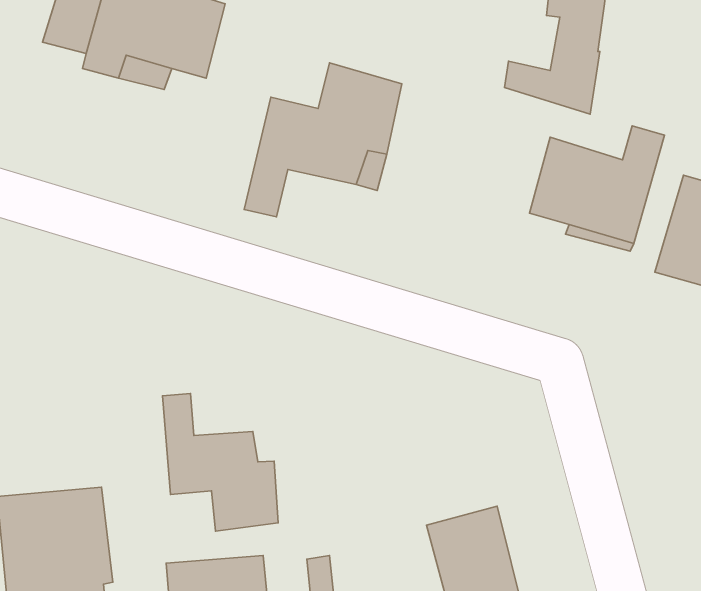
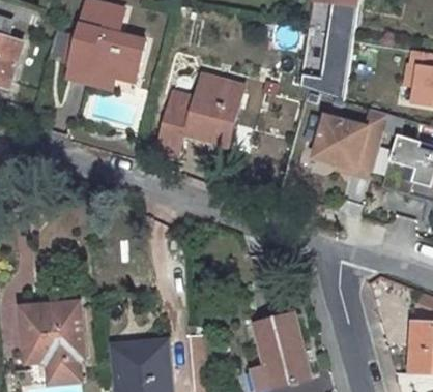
building: [163,394,278,531] -> none

